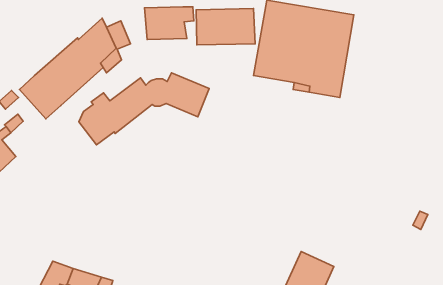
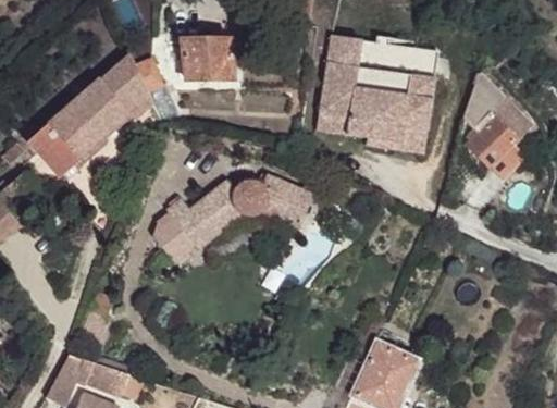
building: [196,9,255,45] -> none
building: none -> [462,71,532,177]
building: [79,73,209,145] -> [152,173,313,262]

